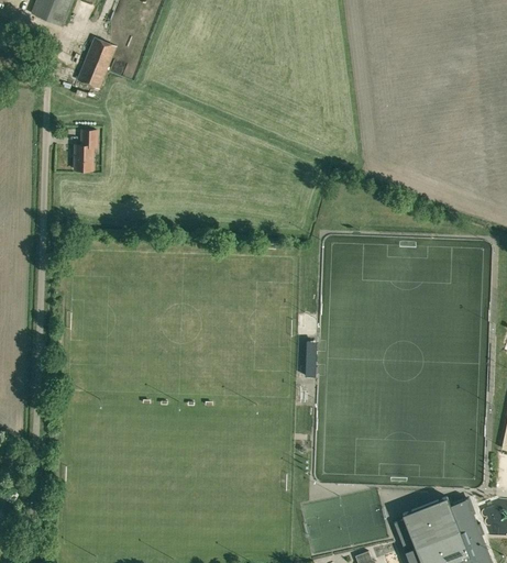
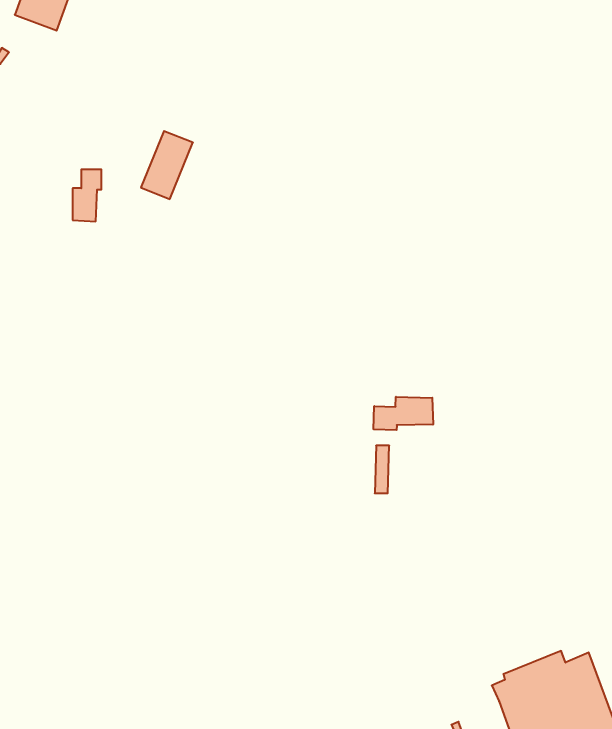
building: [77,38,117,90] -> [141,131,193,199]
building: none -> [374,397,433,430]

